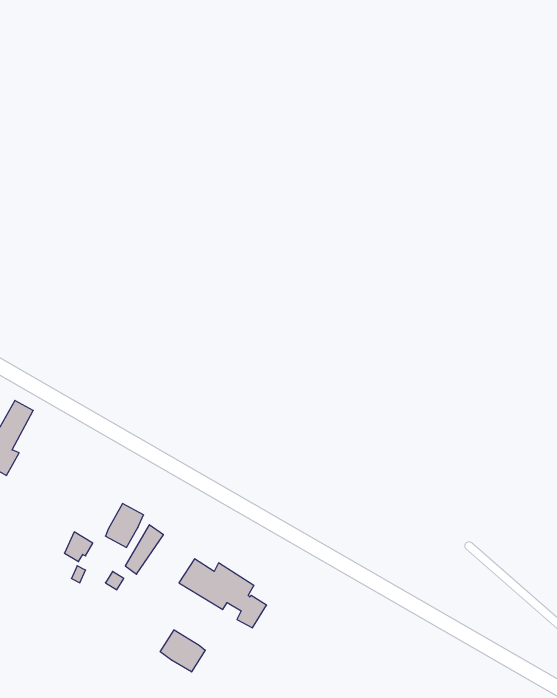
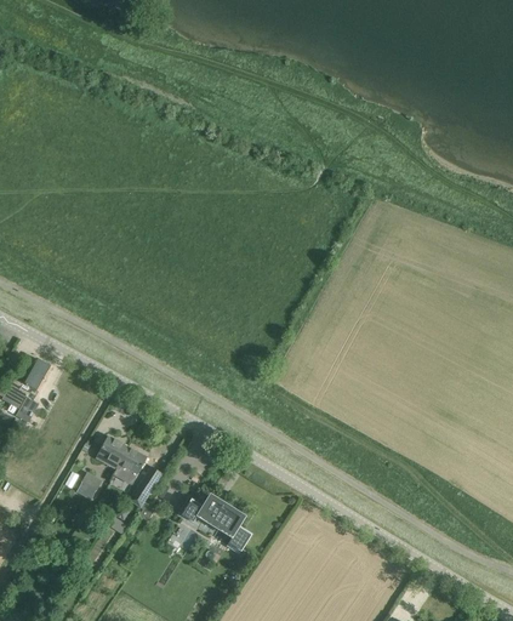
building: none -> [96,434,129,467]
building: [160,630,205,672] -> none

